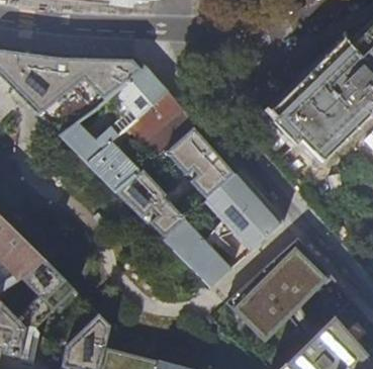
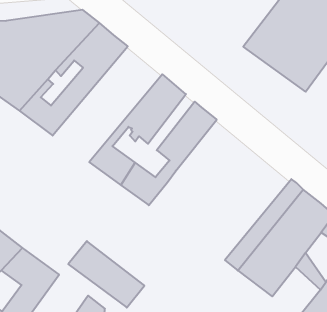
building: [87,93,195,192] -> none
building: [193,172,282,262] -> none
building: [164,221,229,287] -> [68,241,144,308]

